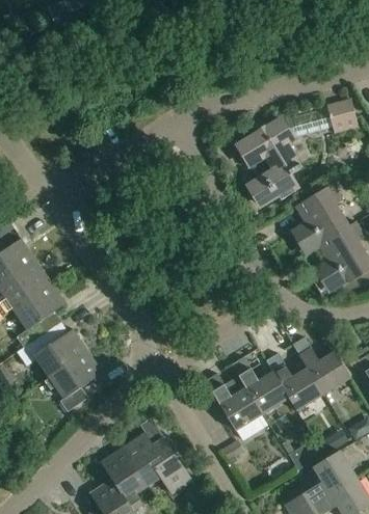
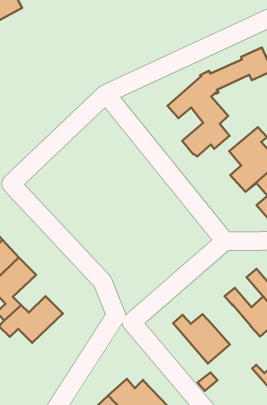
building: [49,350,102,411] -> none
building: [231,356,288,413] -> none

